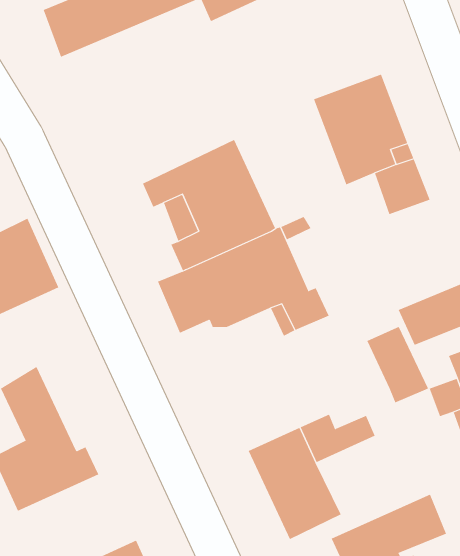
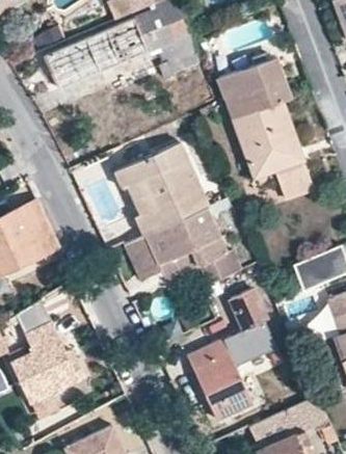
building: none -> [217,51,289,115]
building: [367,326,429,403] -> [230,292,273,346]

